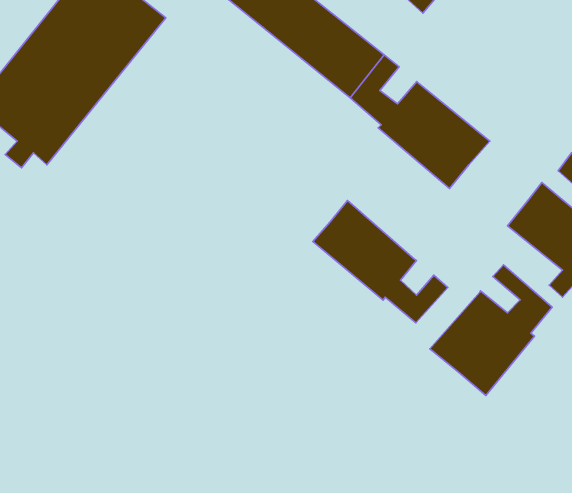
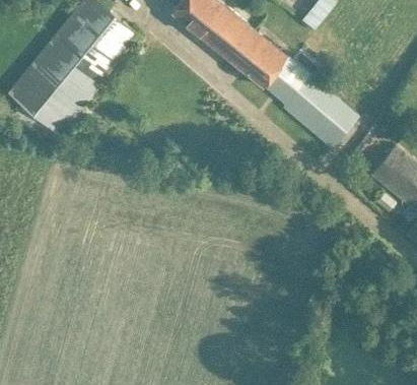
building: [313,201,448,323] -> none
building: [430,265,552,396] -> none

